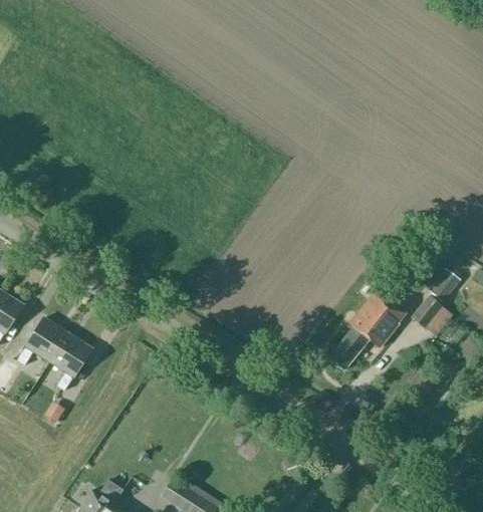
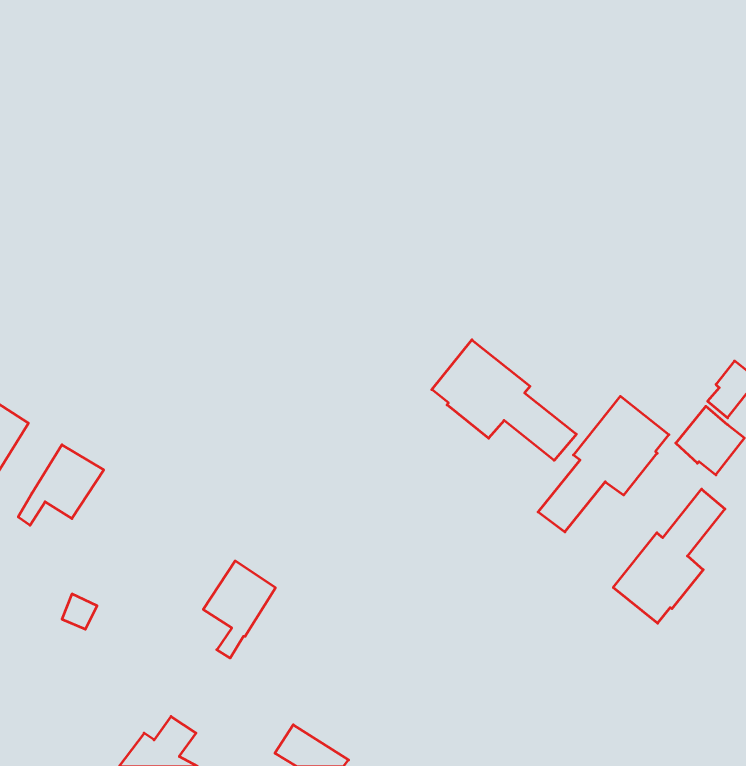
building: none -> [432,340,576,460]
building: [49,332,92,391] -> [203,561,275,658]
building: none -> [613,489,725,623]

